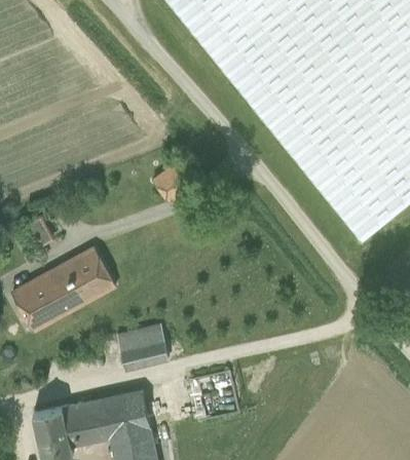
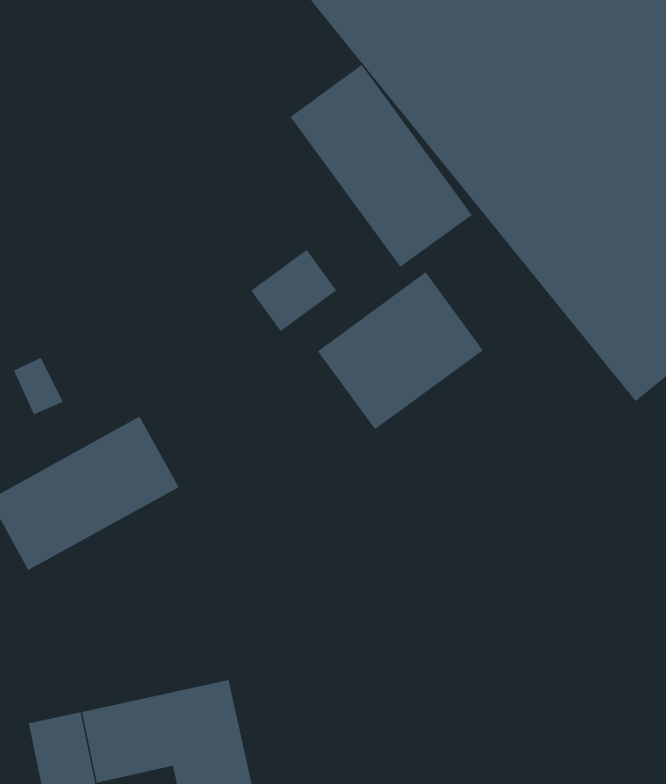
building: none -> [289,64,473,268]
building: none -> [317,271,484,430]
building: [116,324,169,369] -> none

